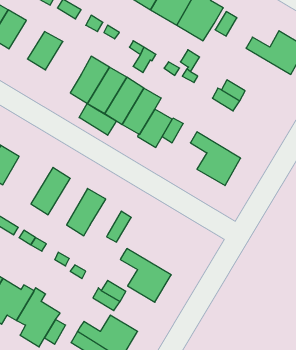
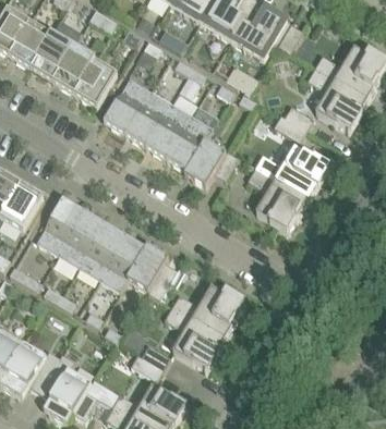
building: none -> [31,34,73,79]
building: none -> [74,59,117,107]
building: none -> [306,66,367,131]
building: [79,103,116,135] -> none
building: none -> [255,146,327,198]
building: none -> [36,197,83,253]
building: none -> [77,222,124,278]
building: none -> [128,243,168,290]
building: none -> [171,285,244,338]

